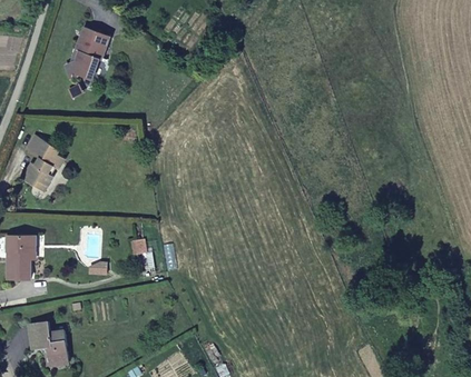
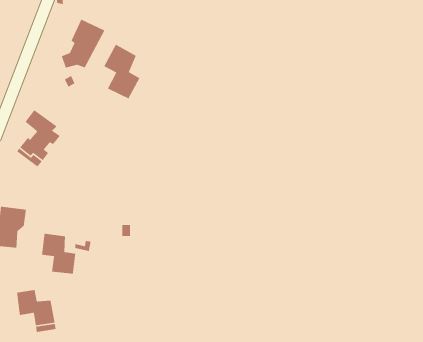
building: none -> [103,43,141,100]
building: none -> [41,233,76,274]

